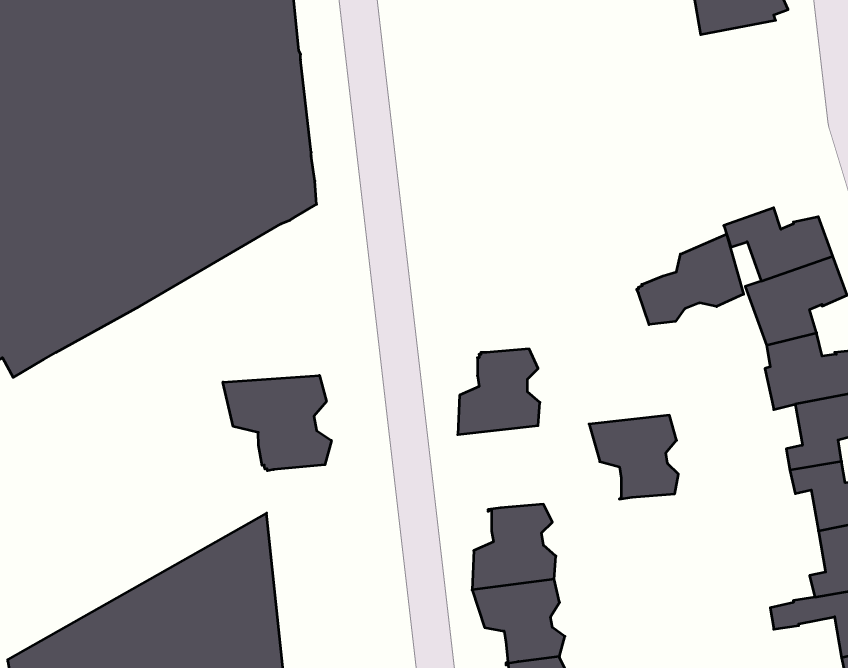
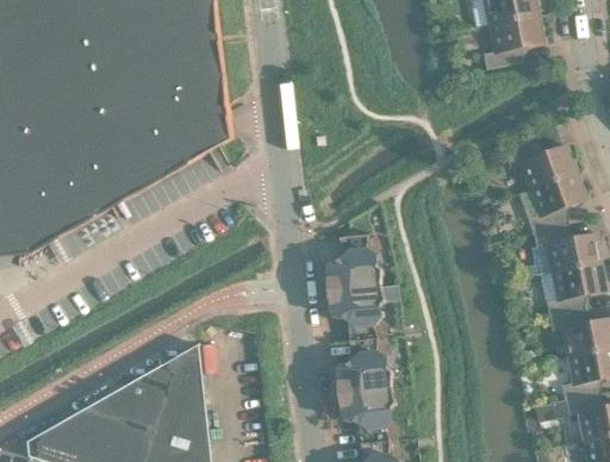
building: none -> [481,14,542,68]
building: [637,234,744,325] -> none
building: [223,375,331,471] -> none
building: [589,415,678,499] -> [325,285,385,341]

